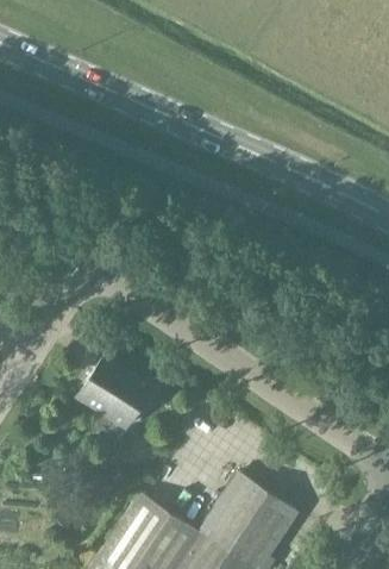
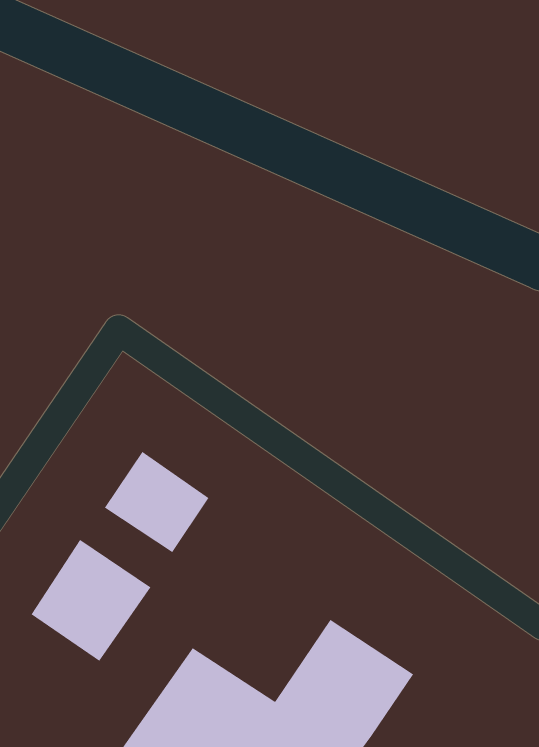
building: none -> [30,539,152,662]

